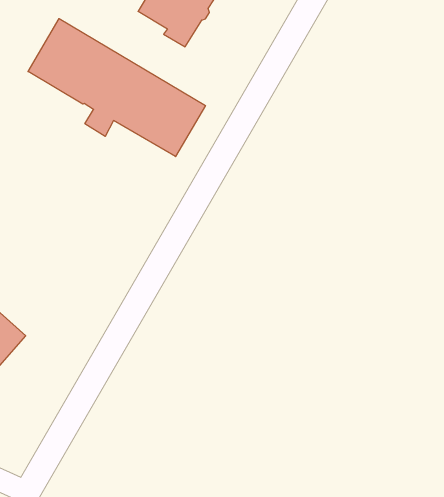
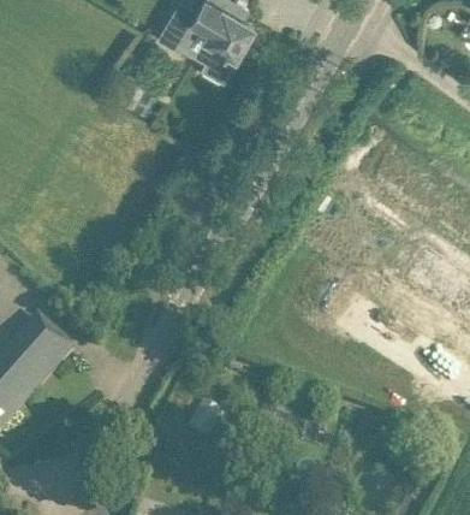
building: [28,19,205,157] -> none

